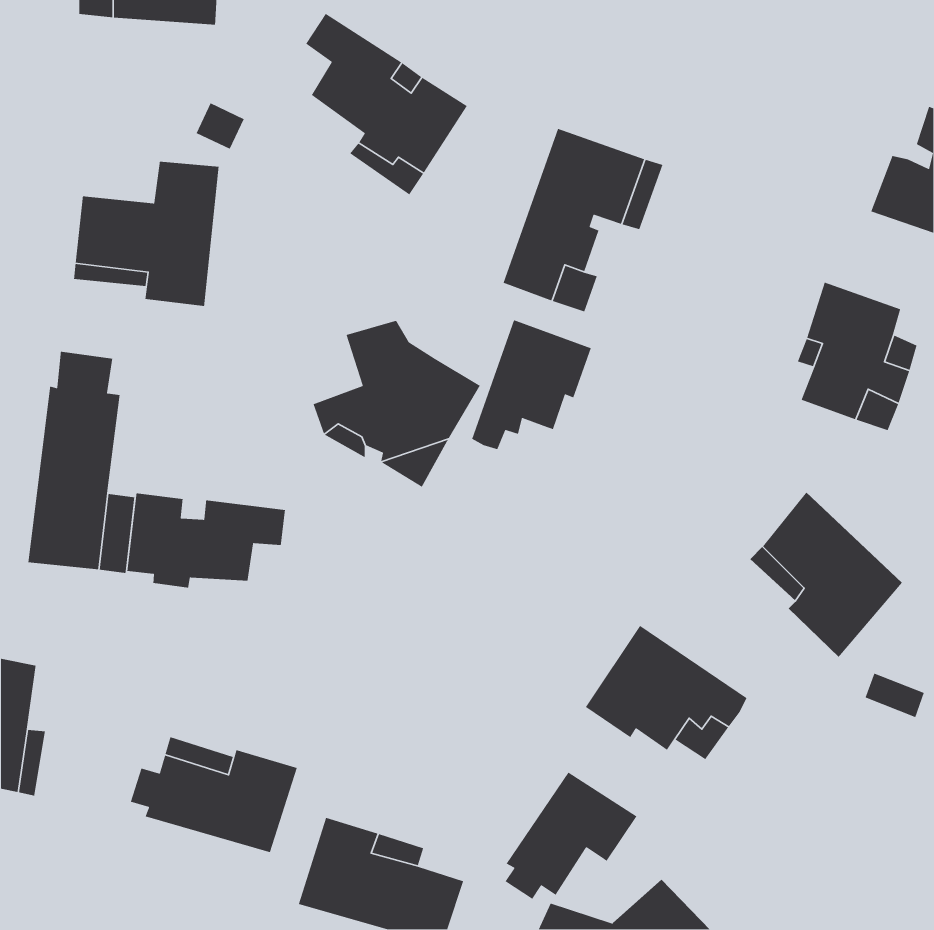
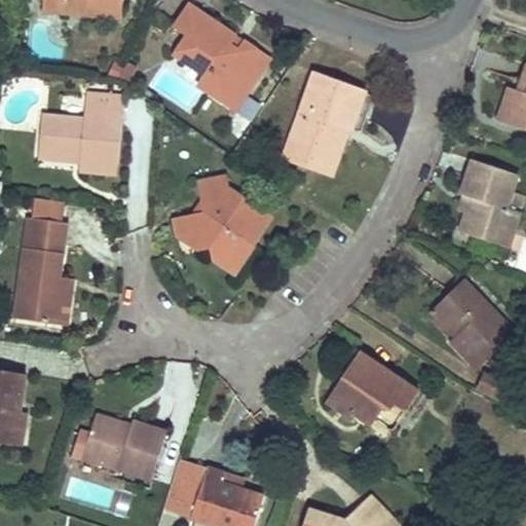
building: [471,319,592,450] -> none
building: [126,492,286,588] -> none
building: [504,772,637,900] -> none

